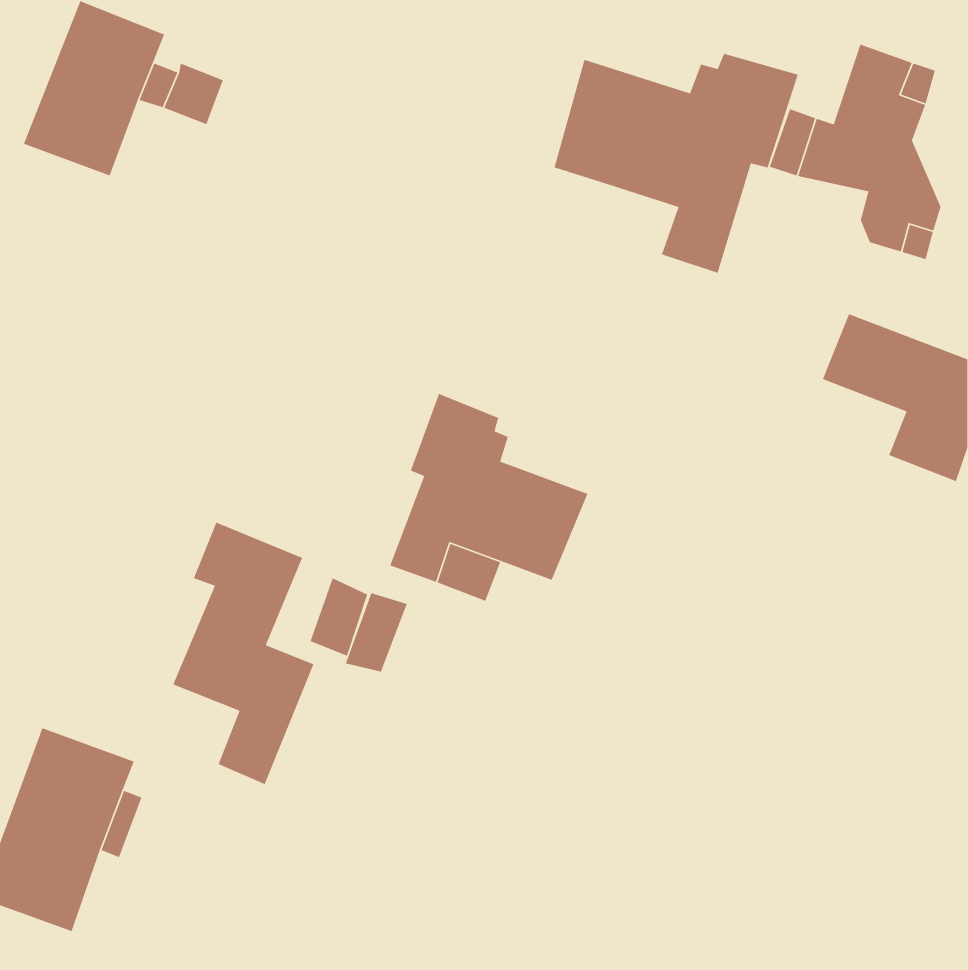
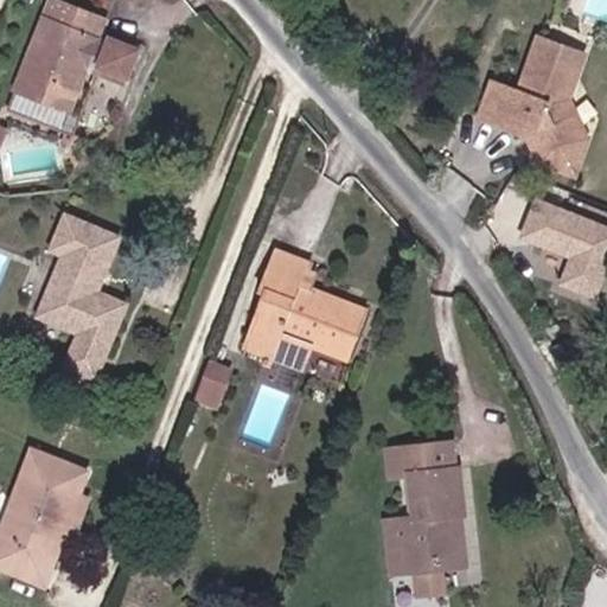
building: [553,53,799,274] -> none
building: [172,521,314,785] -> [38,216,127,381]
building: [345,592,408,672] -> none
building: none -> [383,442,466,595]

